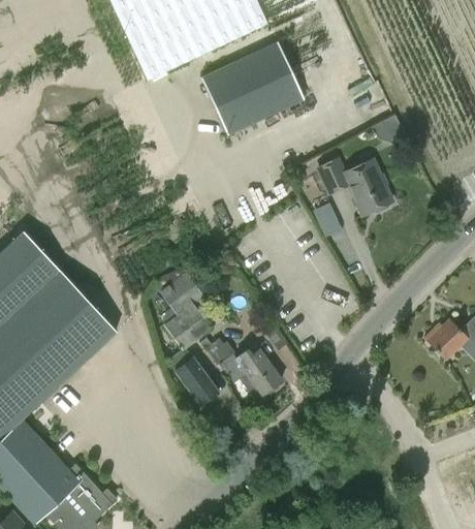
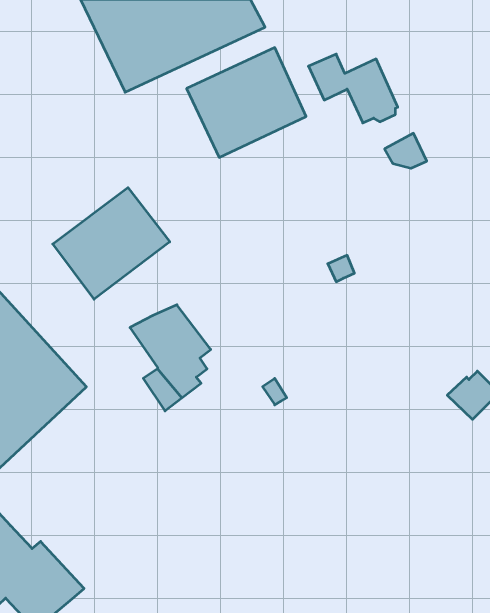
building: [316,156,392,215] -> [308,54,398,123]
building: none -> [53,188,170,299]
building: [200,337,283,396] -> none
building: [175,356,219,406] -> none

